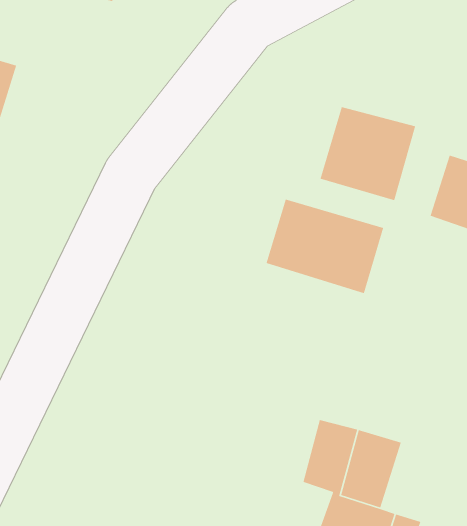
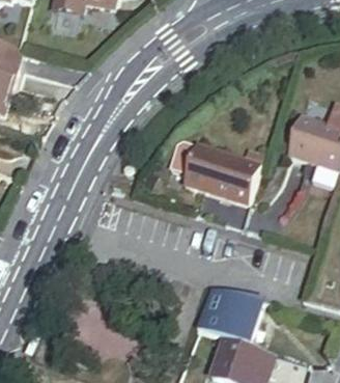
building: [320,106,416,201] -> none

